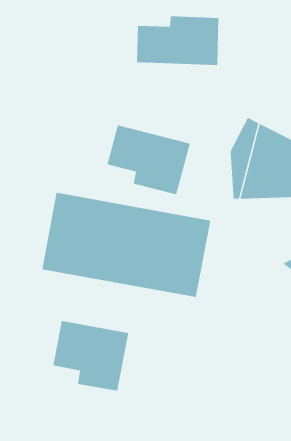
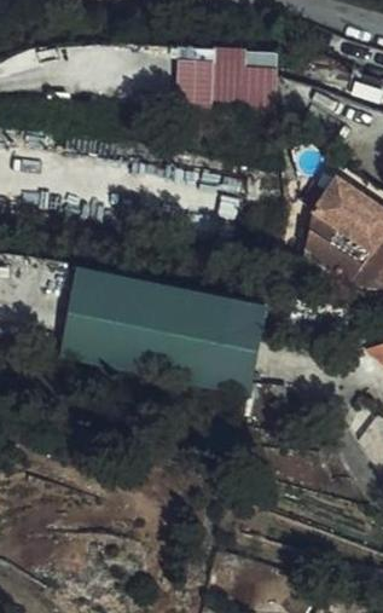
building: [107,124,191,195] -> none
building: [53,320,129,391] -> none

